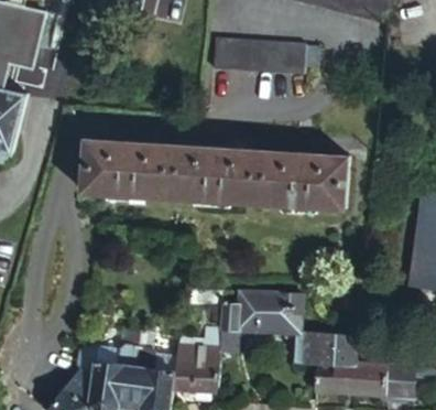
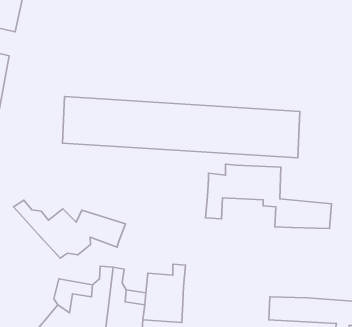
building: [214,37,319,76] -> none
building: none -> [13,200,126,258]
building: [218,292,358,364] -> [206,164,332,229]

